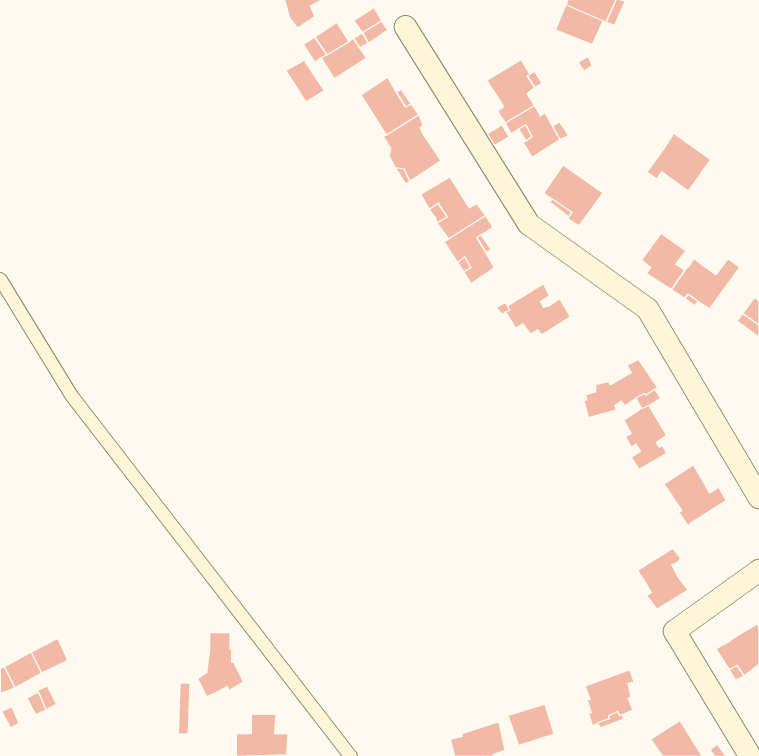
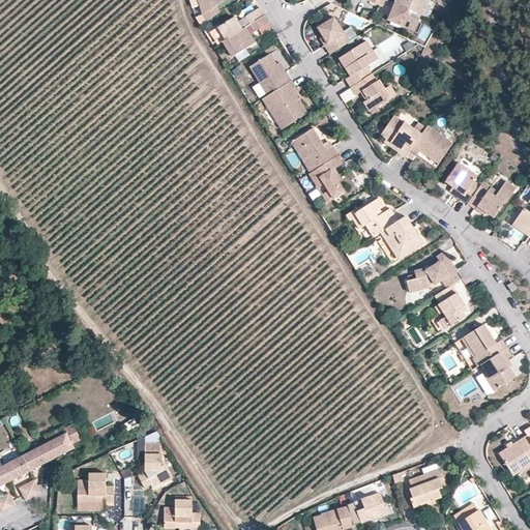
building: none -> [317,16,349,54]
building: [286,60,325,102] -> none
building: [647,133,711,191] -> [409,123,453,164]
building: none -> [380,216,424,259]
building: [638,548,688,609] -> [481,349,517,391]
building: none -> [40,432,72,461]
building: none -> [78,472,114,500]

